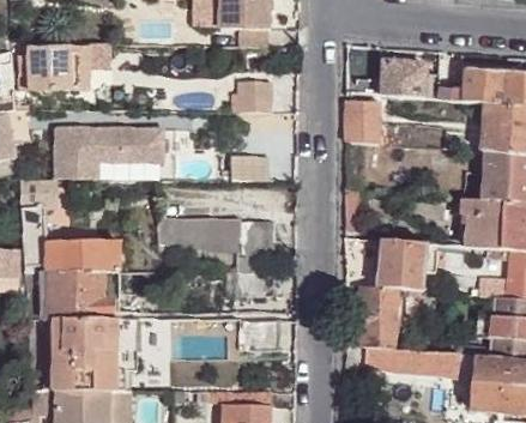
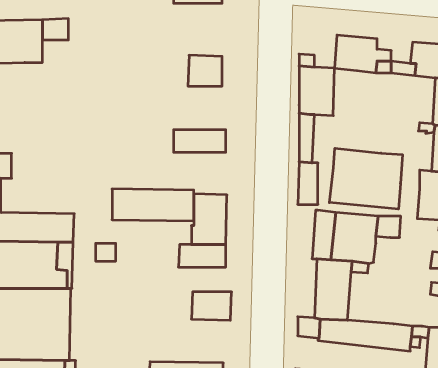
building: [54,126,163,177] -> none
building: none -> [329,148,402,209]

